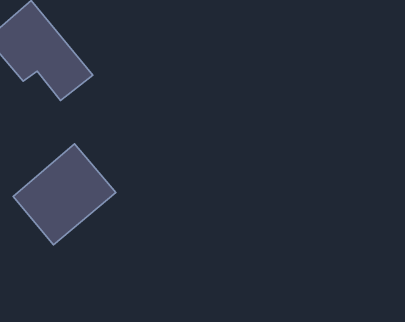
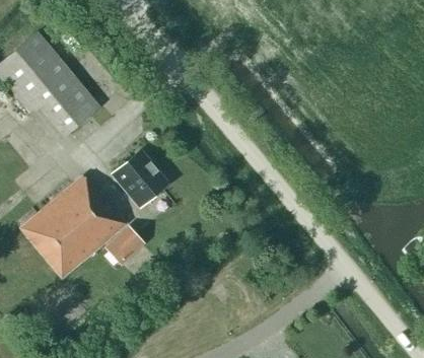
building: none -> [115,151,168,206]
building: none -> [108,229,143,265]

